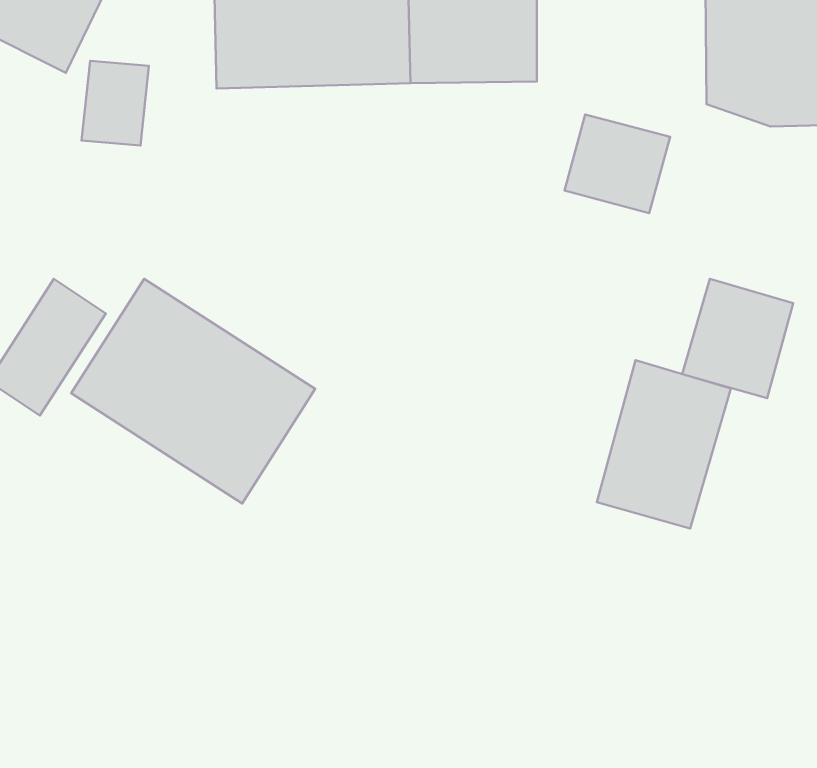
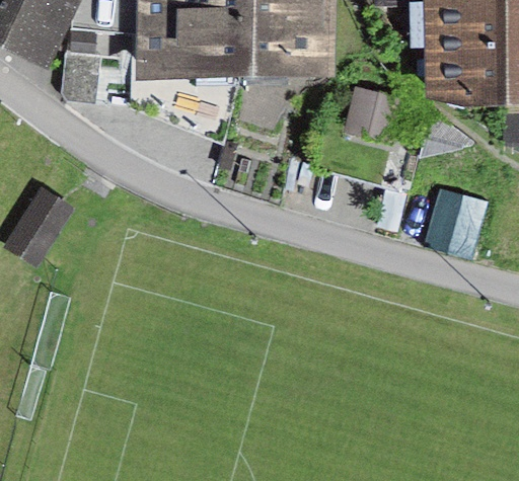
building: [71,279,315,503] -> none
building: [597,360,731,528] -> none

